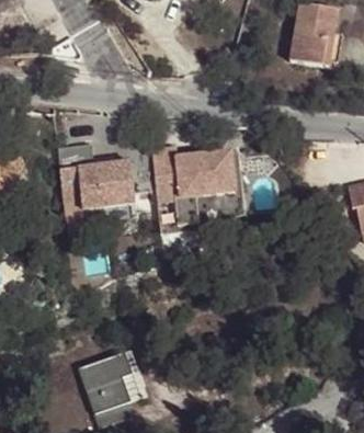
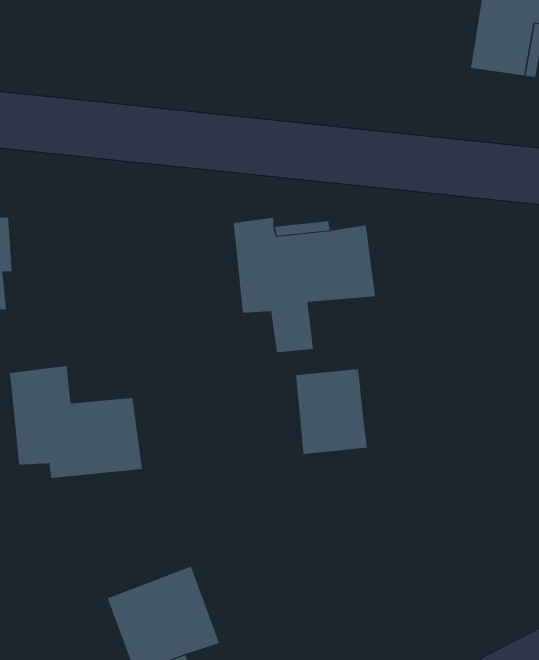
building: [57,144,135,209] -> [9,365,143,479]
building: none -> [296,368,368,455]

